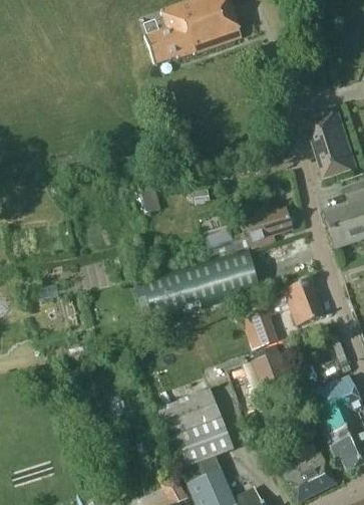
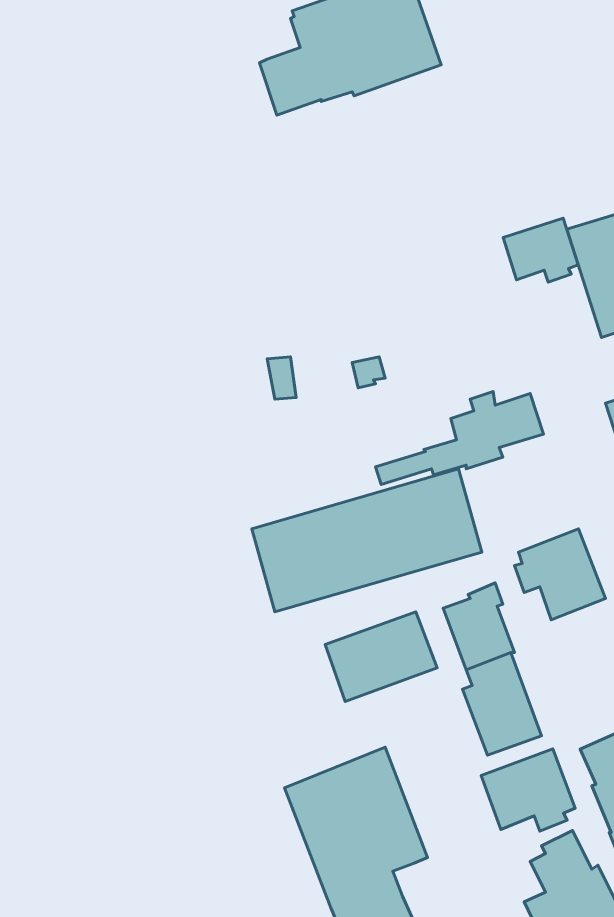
building: none -> [503,218,578,282]
building: none -> [325,612,437,701]
building: none -> [481,749,575,831]

